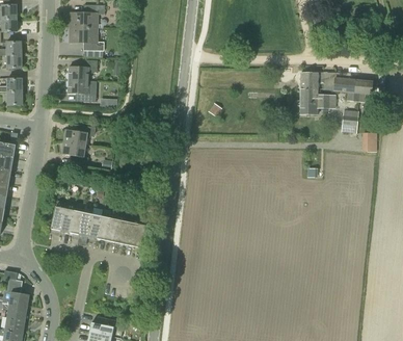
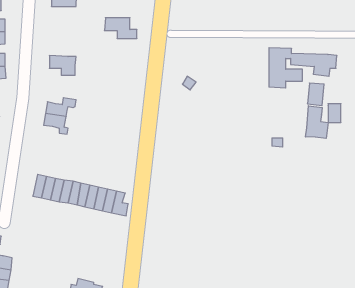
building: [69,28,103,50] -> [104,18,137,38]
building: [68,58,97,81] -> none
building: none -> [306,106,328,138]

